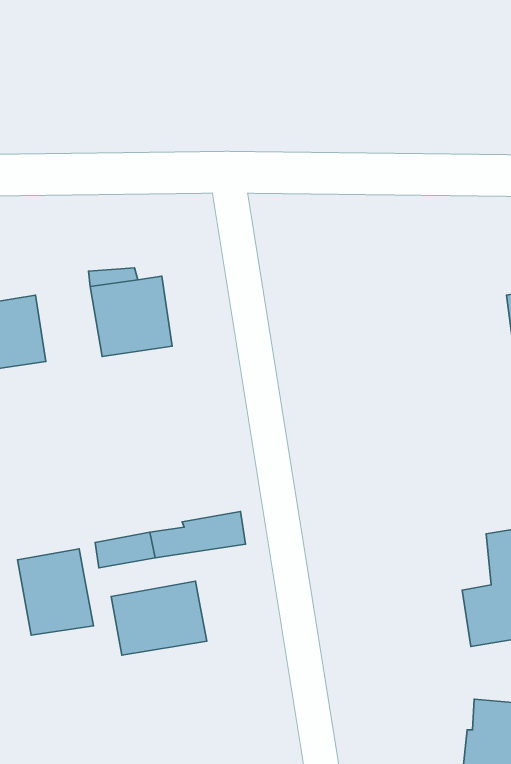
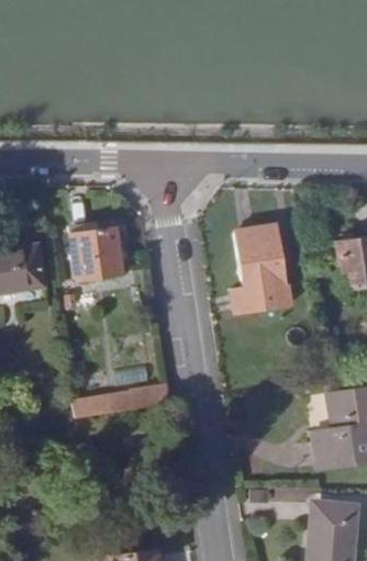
building: none -> [233,229,291,314]
building: [17,549,93,635] -> none
building: [111,581,207,655] -> none

